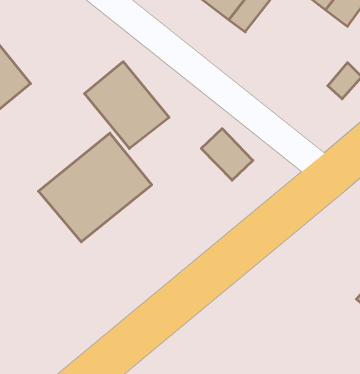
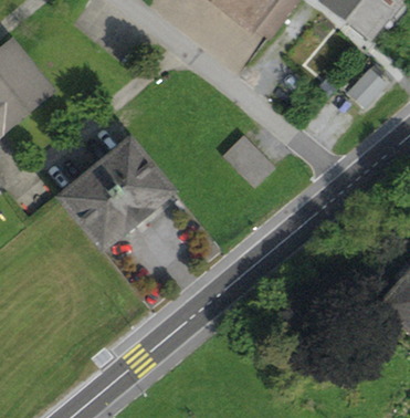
building: [84,62,169,149] -> none

